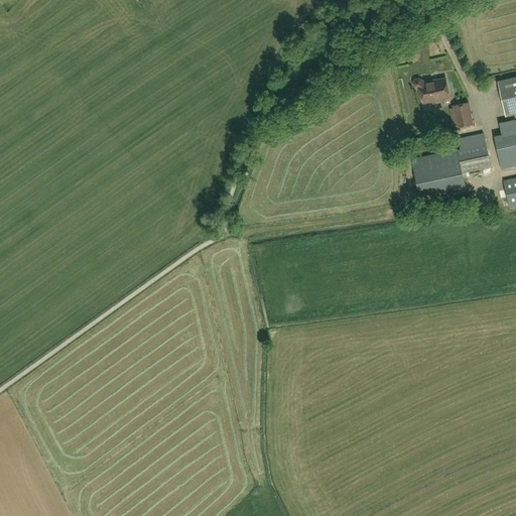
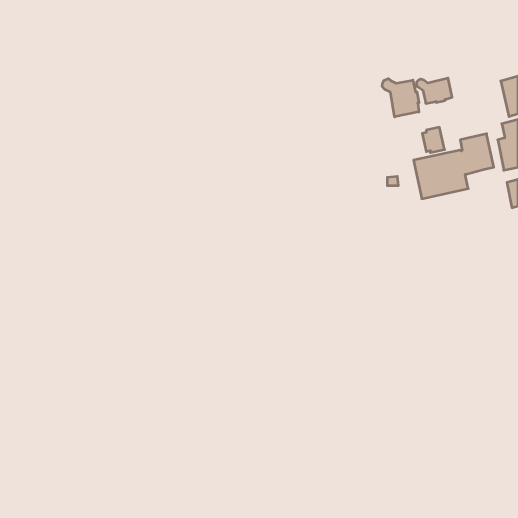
building: none -> [382,79,419,117]
building: [450,102,473,127] -> [422,127,445,153]

